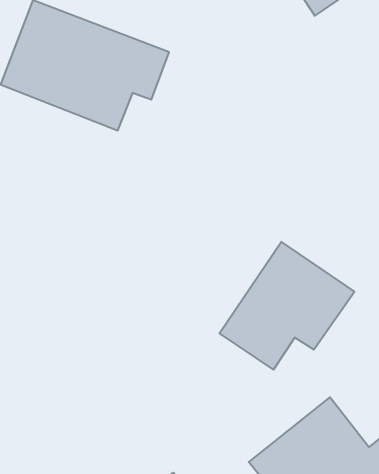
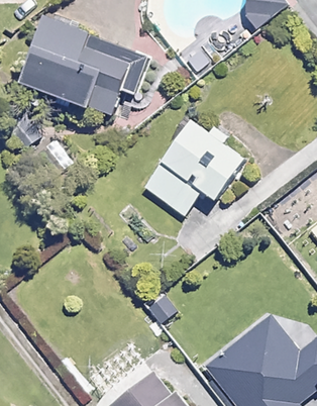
building: [219,242,354,370] -> [143,118,244,214]

